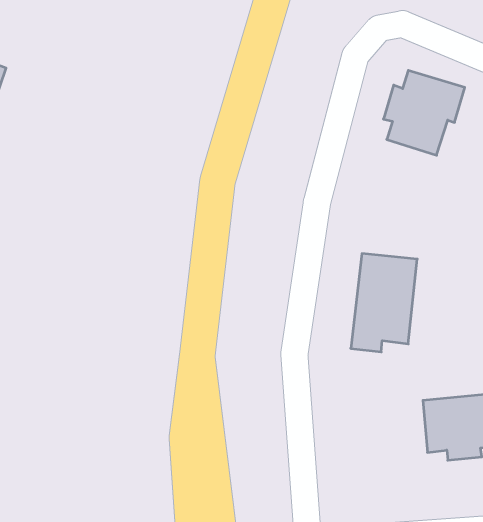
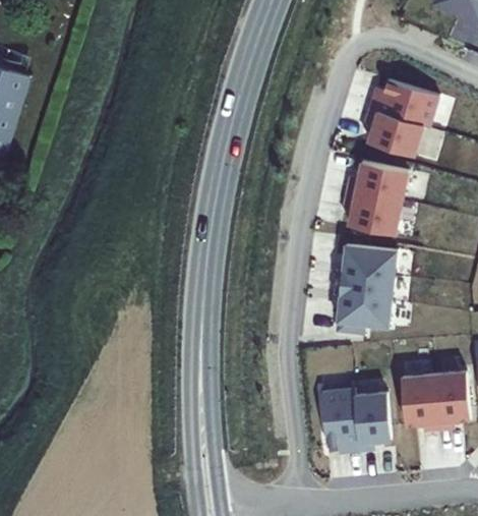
building: none -> [344,162,409,235]
building: none -> [321,389,391,452]

